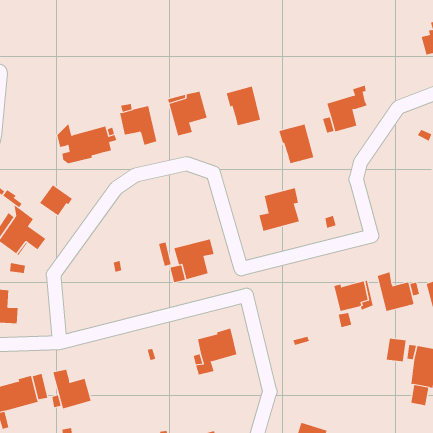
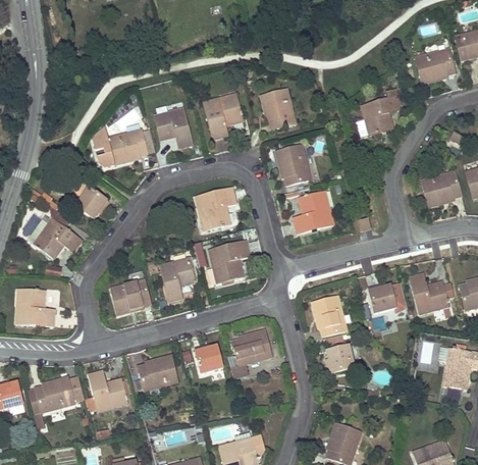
building: none -> [415,48,455,83]
building: [278,124,314,164] -> [275,145,311,185]
building: none -> [420,170,461,207]
building: none -> [195,188,235,228]
building: none -> [158,257,194,301]
building: none -> [110,279,150,315]
building: none -> [311,296,347,335]
building: none -> [194,345,222,373]
building: none -> [326,345,355,373]
building: none -> [138,355,177,390]

